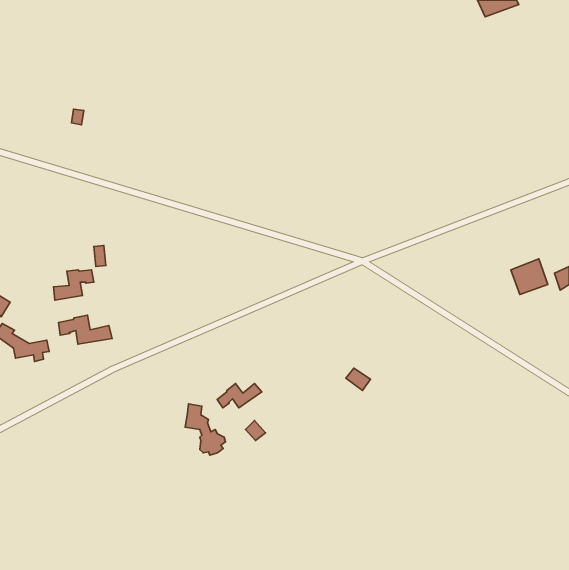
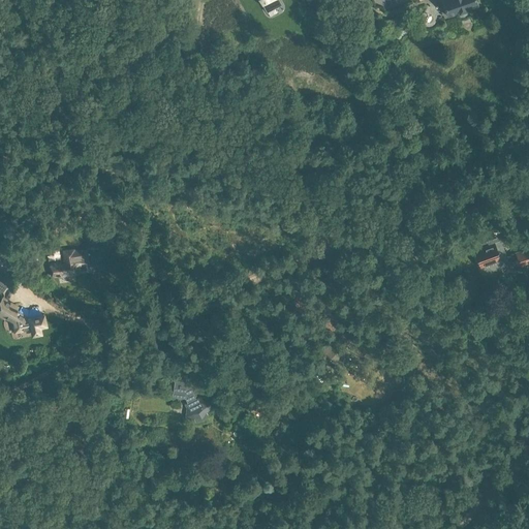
building: [58,315,112,344] -> none
building: [217,383,262,408] -> none

